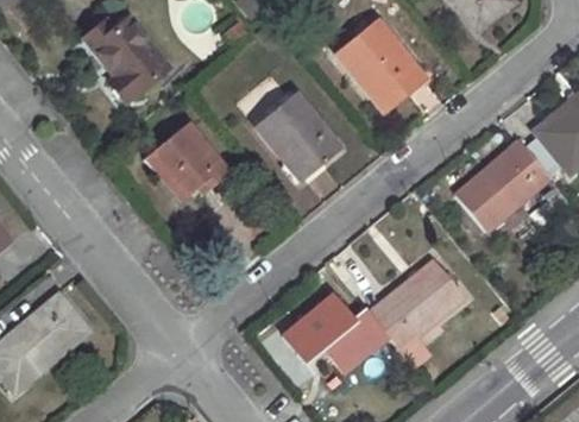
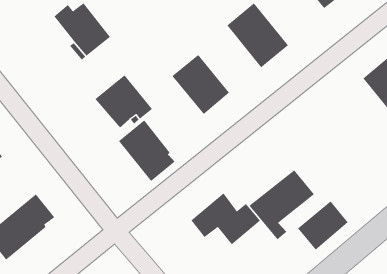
building: [454,140,548,231] -> none
building: none -> [118,119,175,182]
building: none -> [297,201,348,250]

